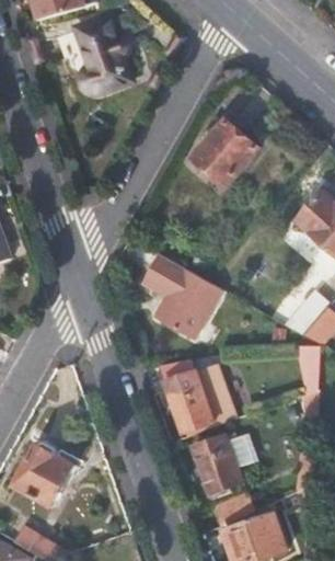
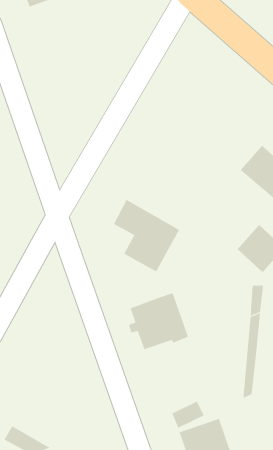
building: [74,24,127,98] -> none
building: [200,129,268,198] -> none
building: [192,436,242,494] -> none
building: [16,444,74,504] -> none

